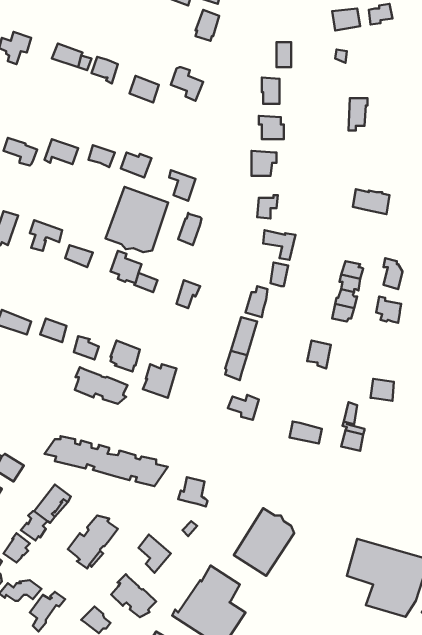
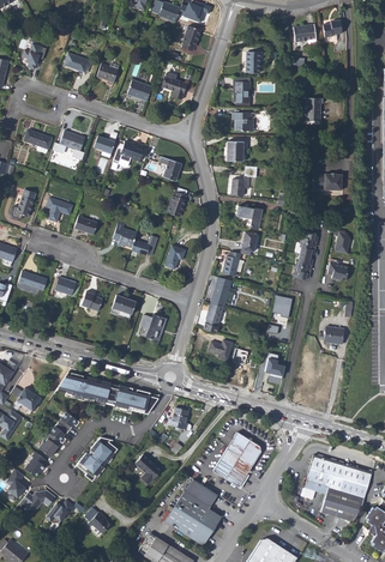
building: [106,187,168,252] -> none
building: [75,367,128,404] -> none
building: [111,574,156,617] -> none

